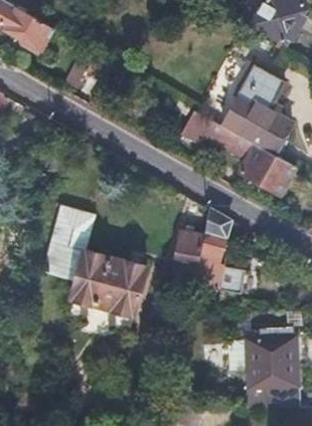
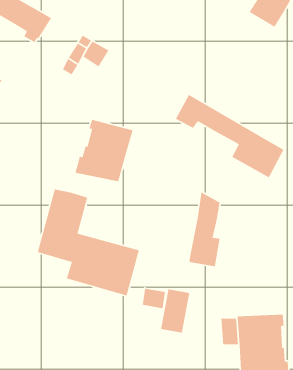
building: [224,63,293,154] -> none
building: none -> [75,119,134,182]
building: [174,231,205,277] -> [160,289,190,333]

